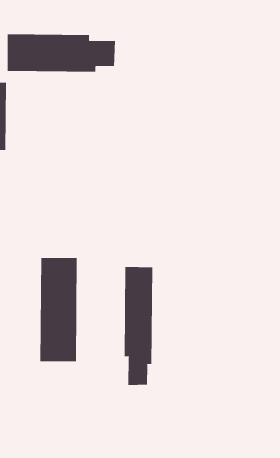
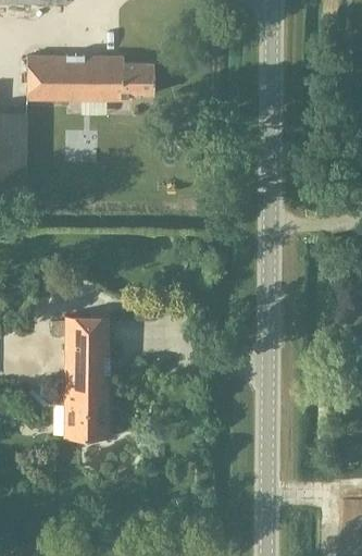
building: [124,266,153,386] -> none

